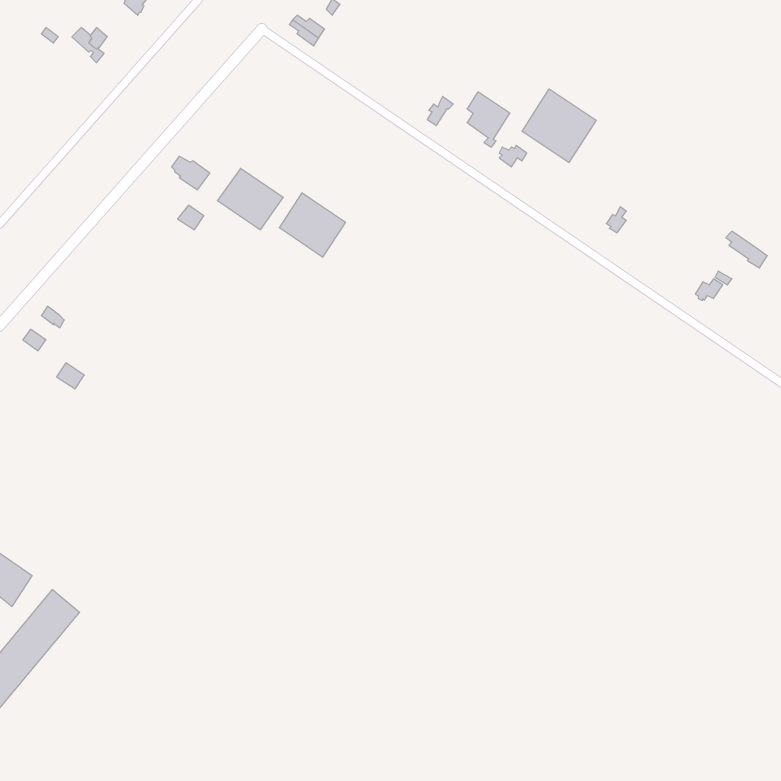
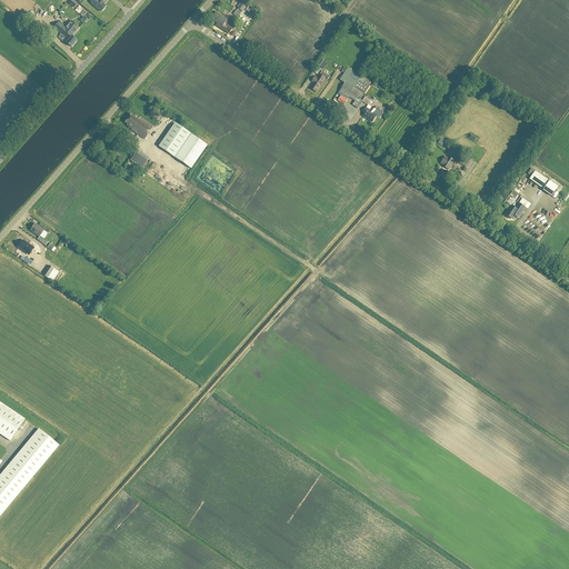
building: [522,89,596,163] -> none
building: [279,193,345,257] -> none

